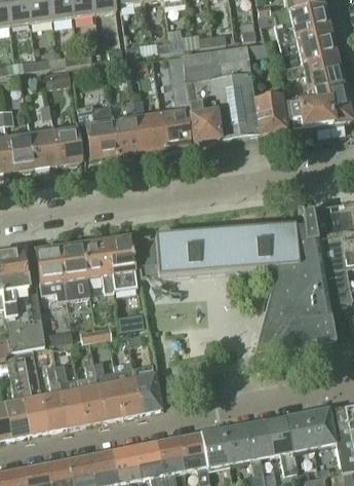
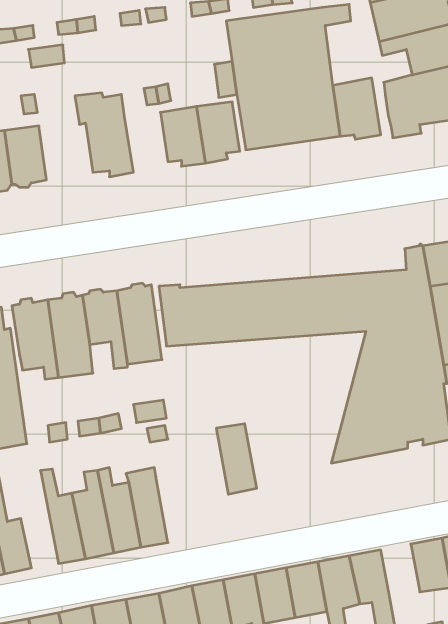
building: [112,117,142,158] -> none
building: [53,122,82,164] -> none
building: [41,363,67,429] -> none
building: [133,364,161,412] -> [216,424,257,494]
building: [287,413,314,450] -> none

